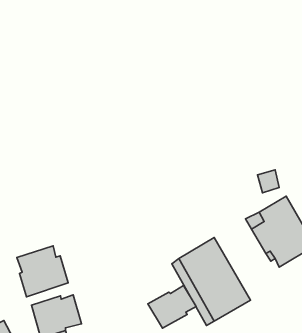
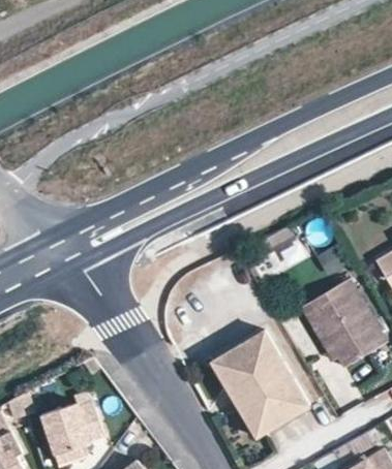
building: [17,246,68,297] -> none
building: [148,285,196,328] -> none

